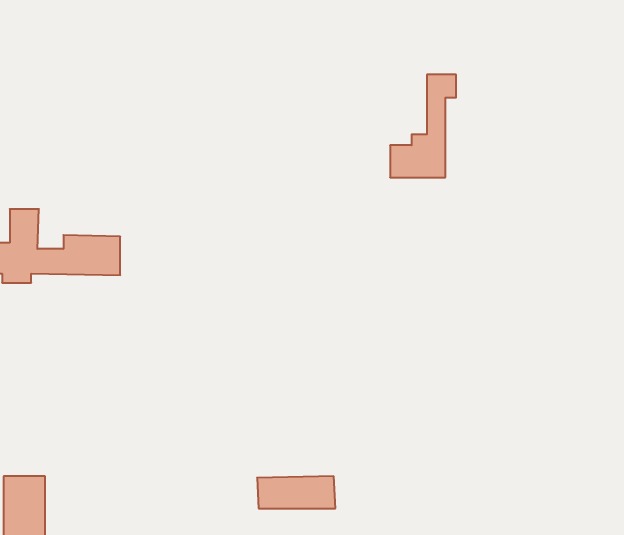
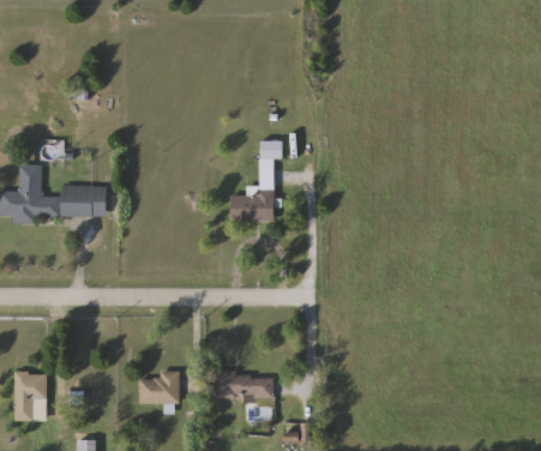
building: [390,75,456,177] -> [230,140,282,221]
building: none -> [139,372,179,403]

